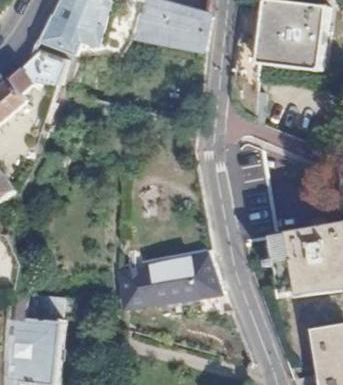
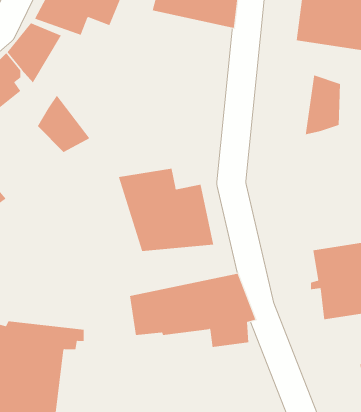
building: none -> [305,75,341,135]
building: none -> [37,95,90,153]
building: none -> [118,168,214,252]

